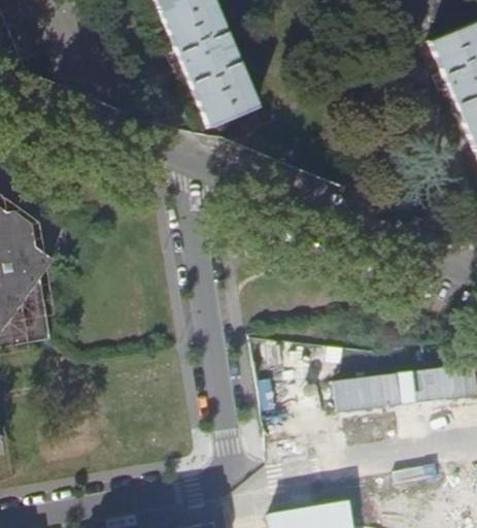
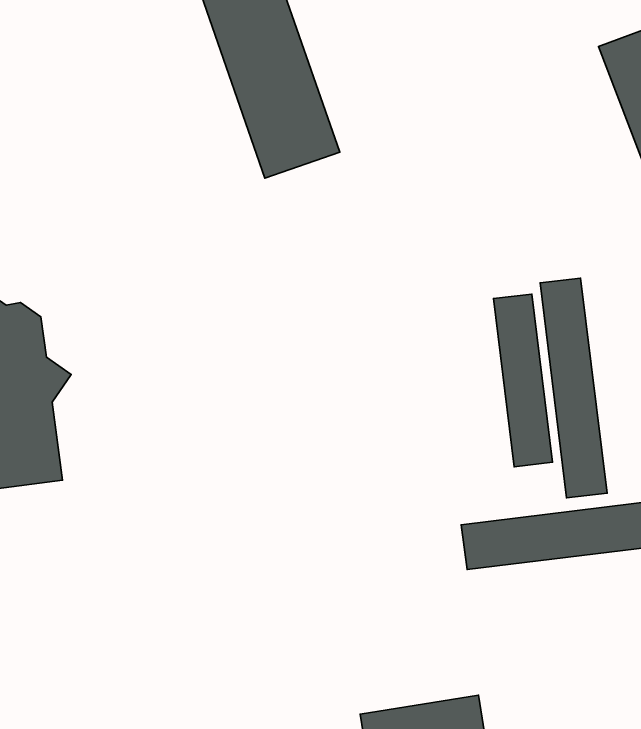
building: none -> [540,278,607,498]
building: none -> [493,294,553,467]

